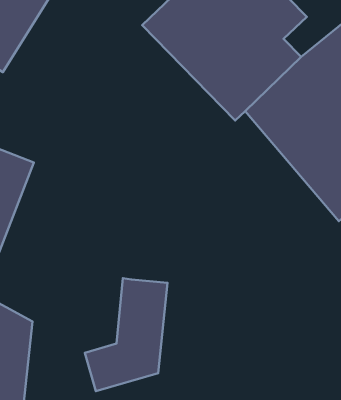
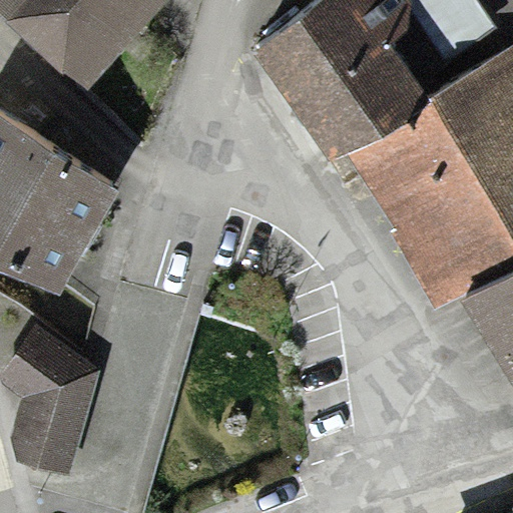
building: [85,278,168,391] -> none

